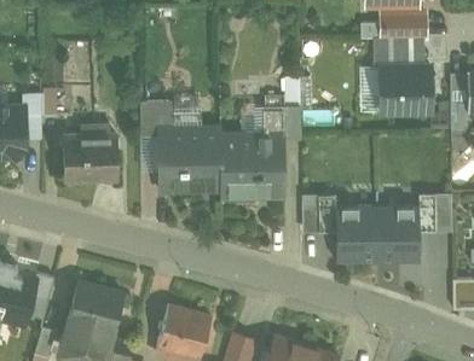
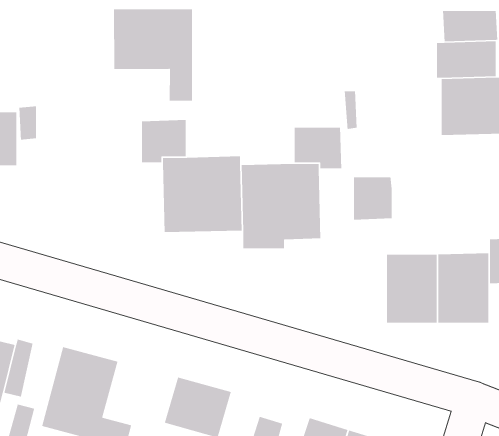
building: none -> [113,9,193,101]
building: [62,124,116,179] -> none
building: [305,198,336,233] -> [353,177,393,220]

